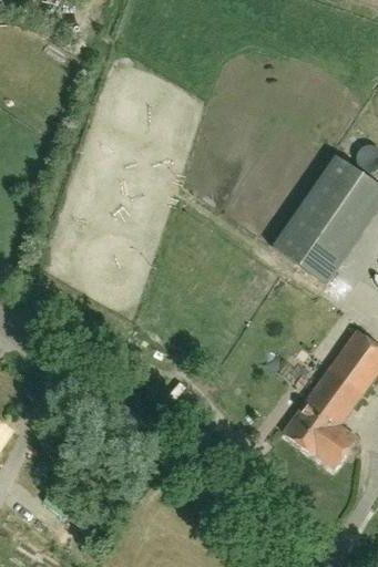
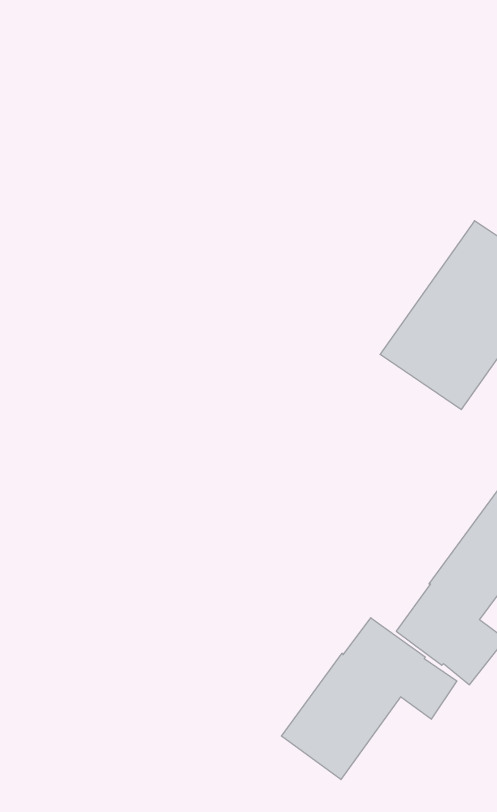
building: none -> [281,618,457,780]

